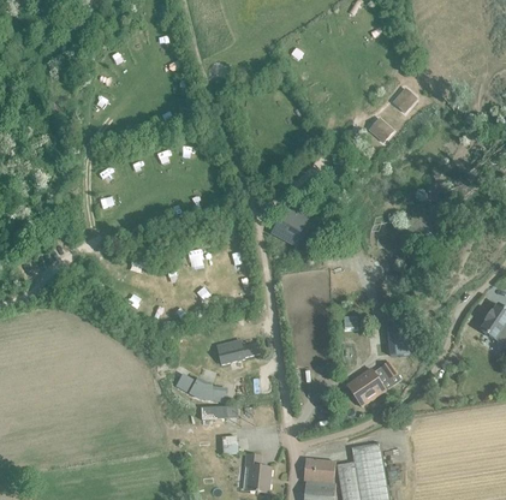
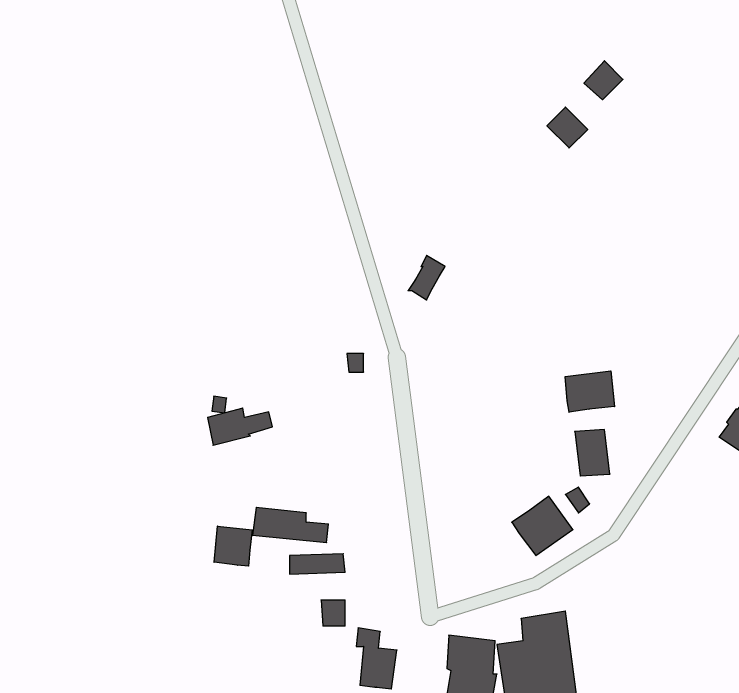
building: none -> [565,371,615,412]
building: [216,340,258,364] -> [208,408,272,445]
building: none -> [214,526,252,566]

